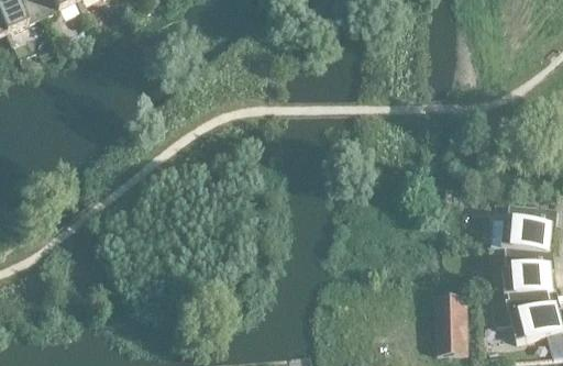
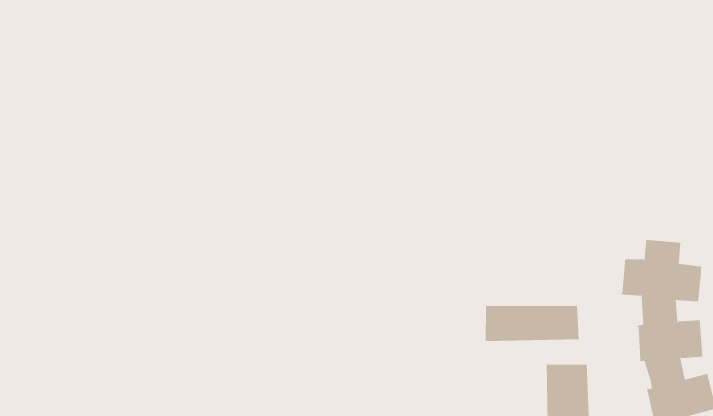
building: none -> [485,305,579,342]

